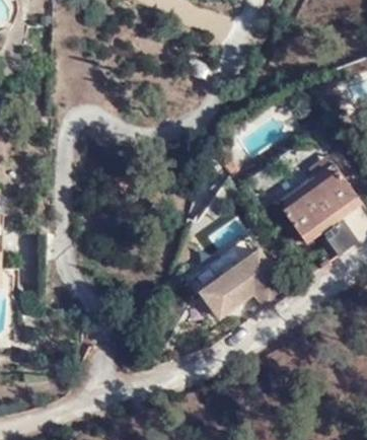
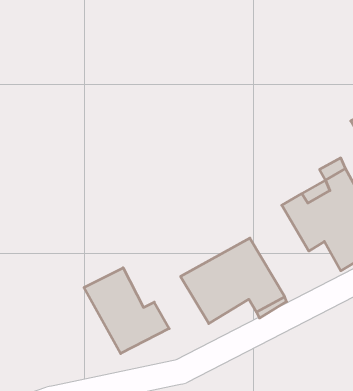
building: none -> [84,268,169,354]

